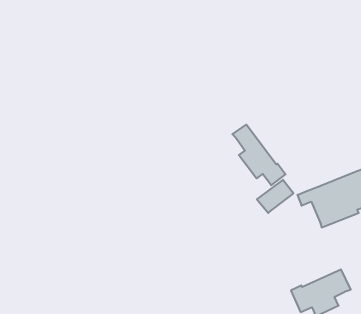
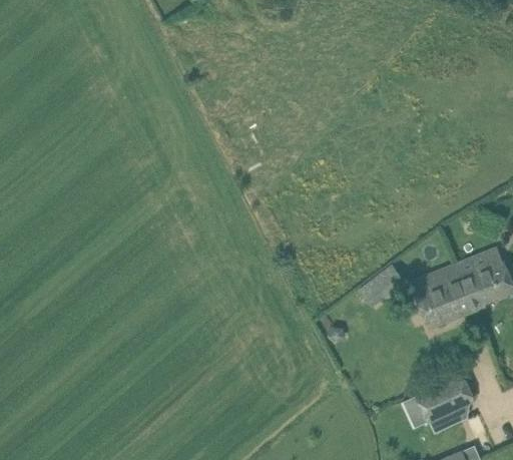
building: [232,125,286,185] -> none

